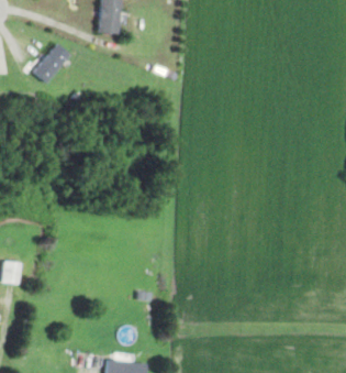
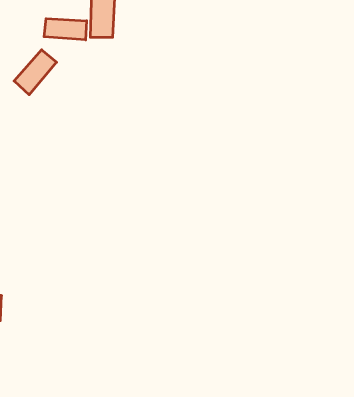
building: none -> [44,19,87,40]

